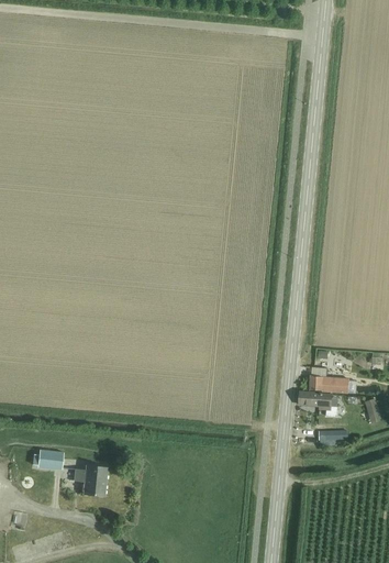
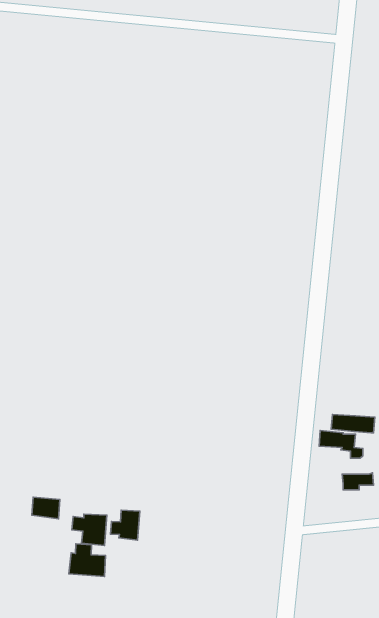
building: none -> [110,510,140,540]
building: none -> [69,544,106,577]

